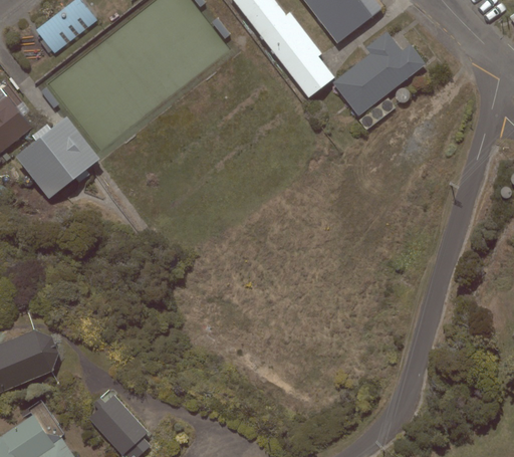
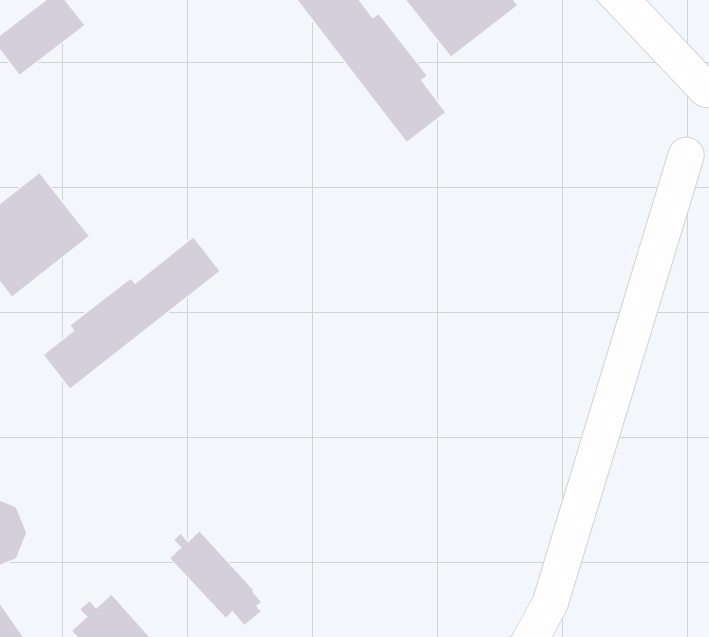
building: [332,31,424,116] -> none
building: none -> [43,237,221,390]
building: none -> [169,531,262,626]

